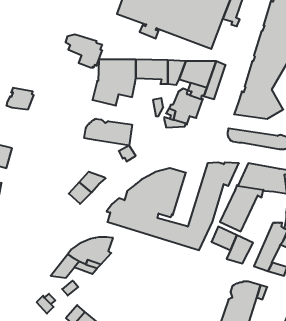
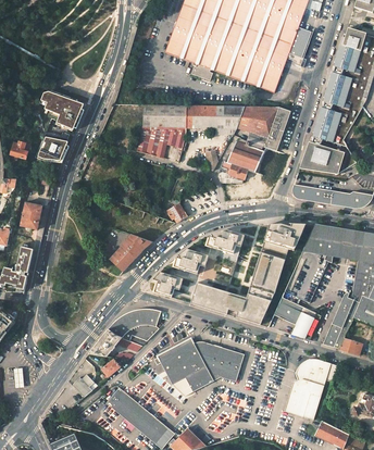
building: [65,35,102,68] -> [40,91,83,129]
building: [84,119,132,145] -> none
building: none -> [153,339,244,395]

